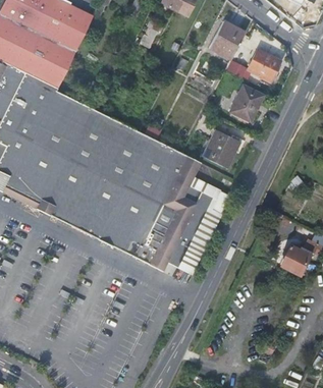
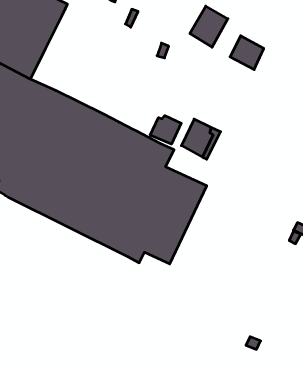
building: [229,86,262,122] -> none
building: none -> [150,116,181,144]
building: [283,243,313,274] -> none

